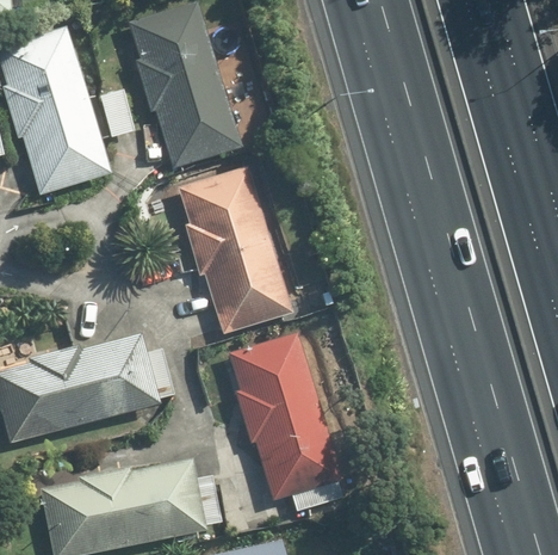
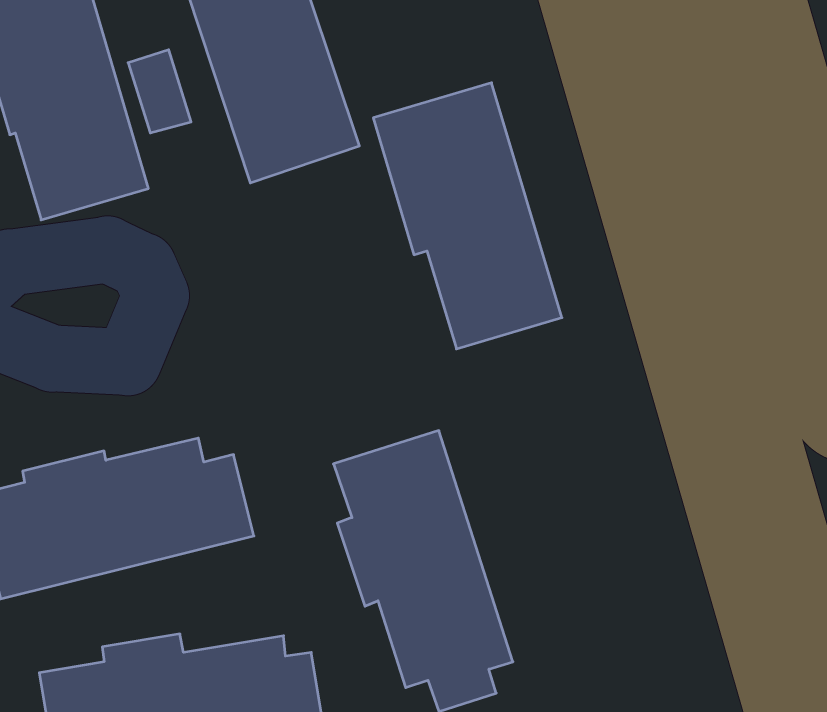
building: [172,164,293,335] -> [373,83,562,349]

